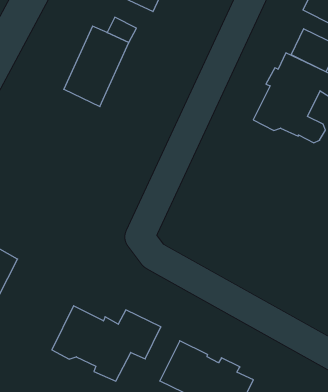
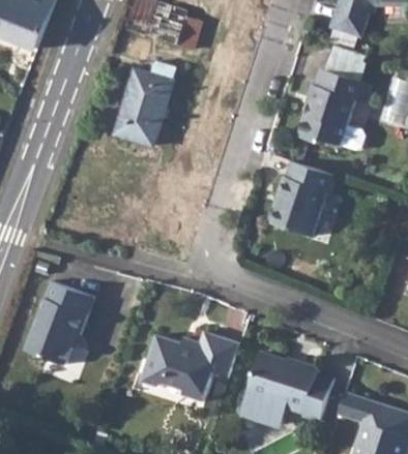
building: none -> [270,162,334,238]

